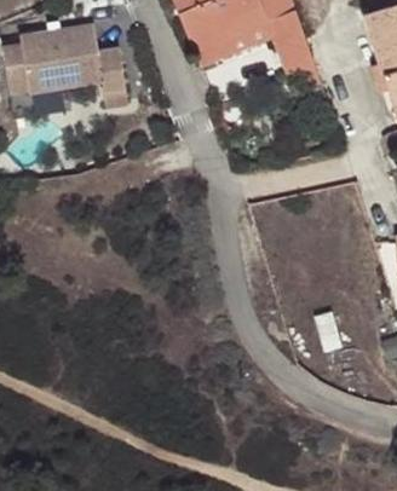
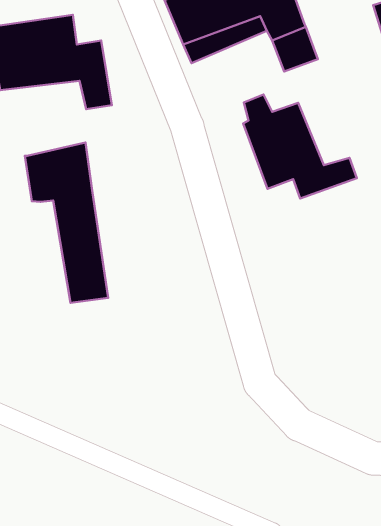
building: none -> [243,94,357,199]
building: none -> [25,143,108,303]

